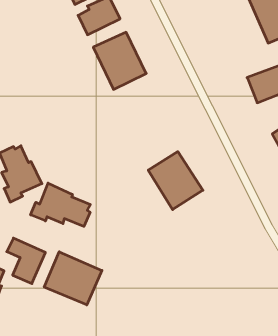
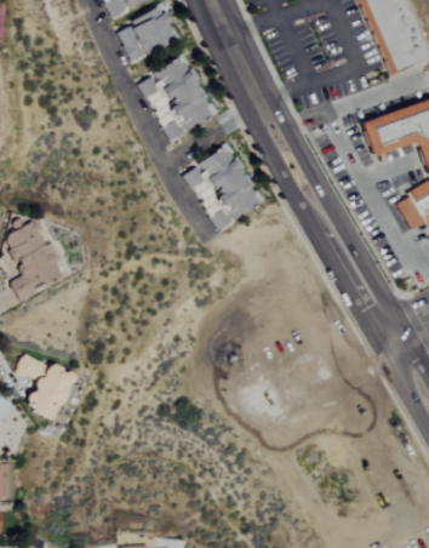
building: [148,152,203,210] -> [184,147,263,230]
building: [31,183,90,226] -> none
building: [44,252,102,305] -> none

